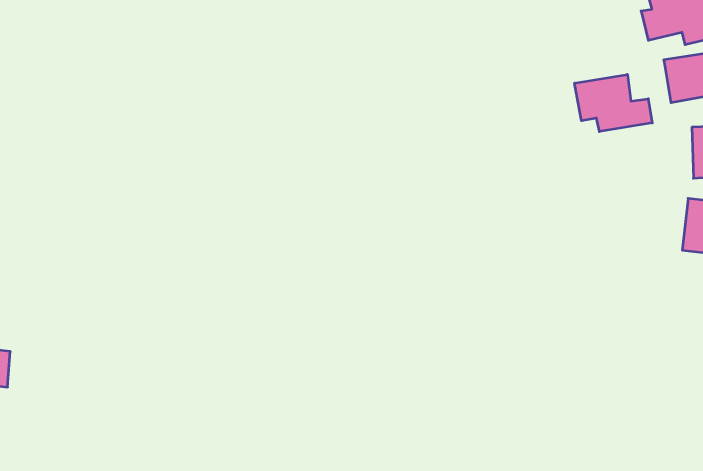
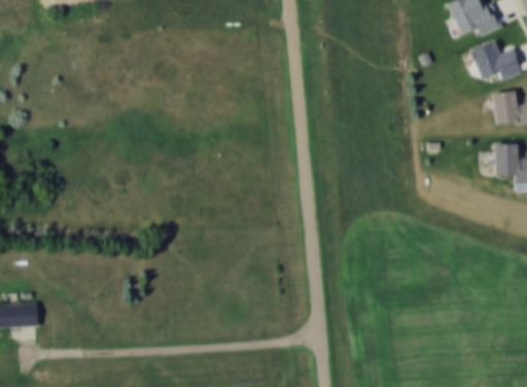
building: [575,74,652,132] -> none

